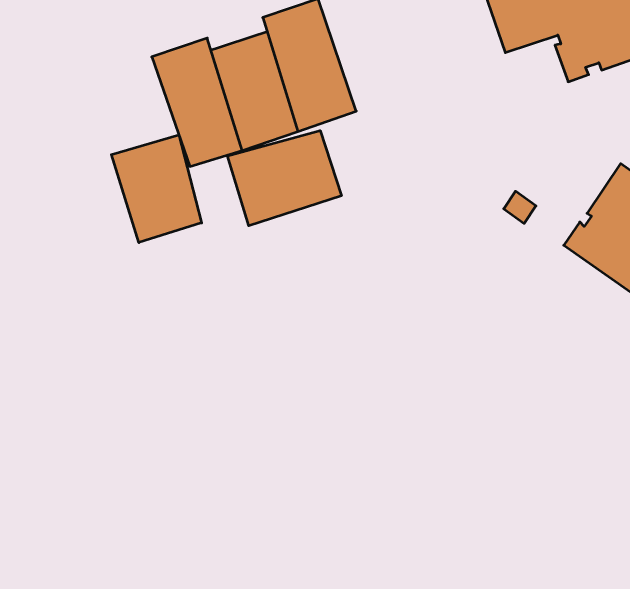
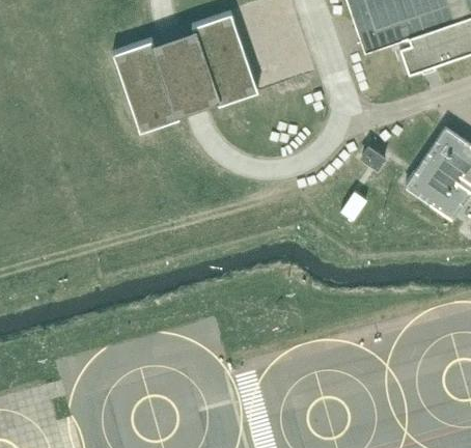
building: [228,131,341,226] -> none
building: [111,135,202,243] -> none

